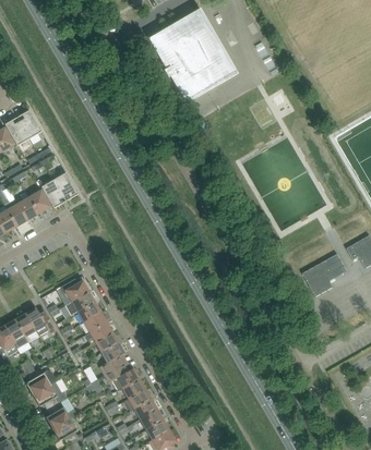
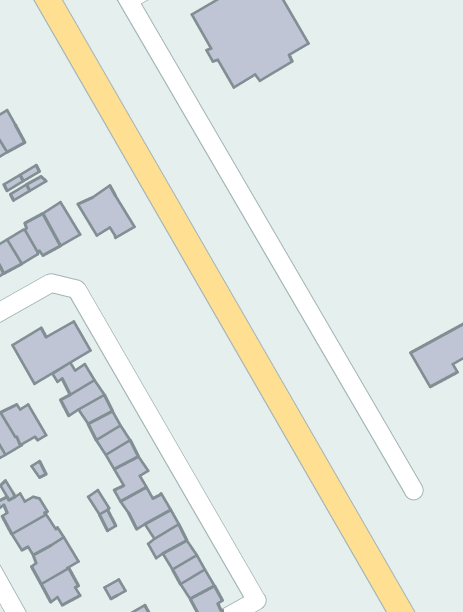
building: none -> [78,186,135,238]
building: none -> [13,321,91,384]

